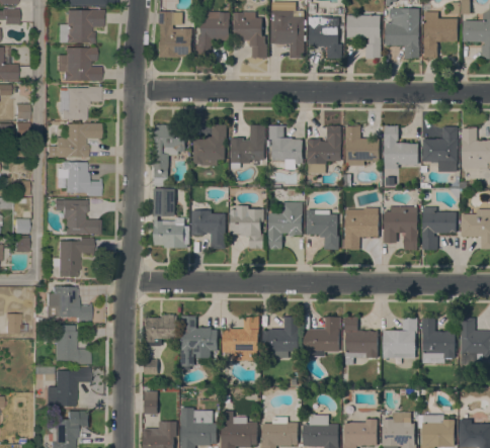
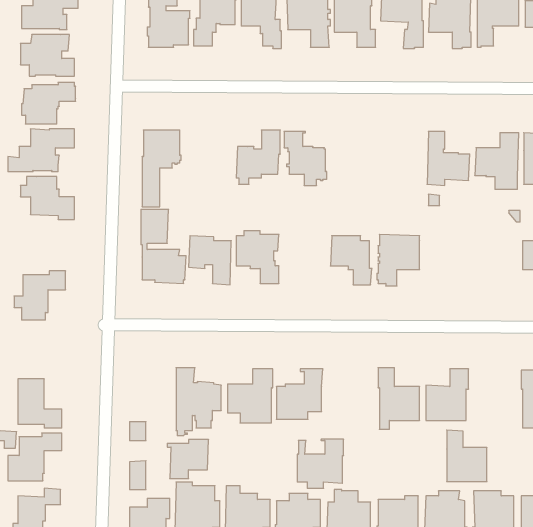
building: [193,124,227,165] -> none
building: [345,124,379,165] -> none
building: [307,125,341,173] -> none
building: [53,200,99,234] -> none
building: [268,201,303,249] -> none
building: [383,206,418,250] -> none
building: [422,206,456,249] -> none
building: [46,286,90,321] -> none
building: [144,315,177,346] -> [167,440,209,479]
building: [303,317,340,356] -> [297,439,344,488]
building: [422,317,455,358] -> [447,430,487,482]

